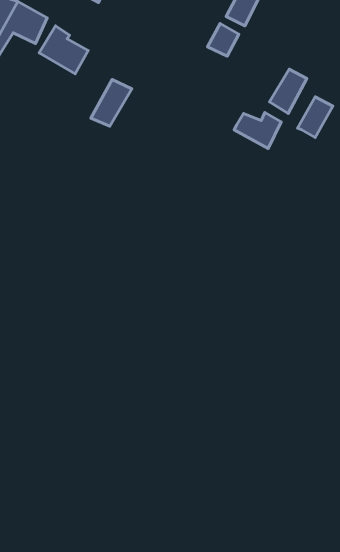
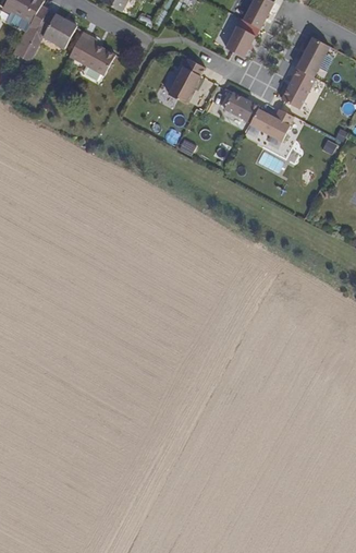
building: [91,80,132,126] -> [168,59,206,103]
building: none -> [223,92,259,122]
building: [298,97,333,138] -> [296,39,329,77]

